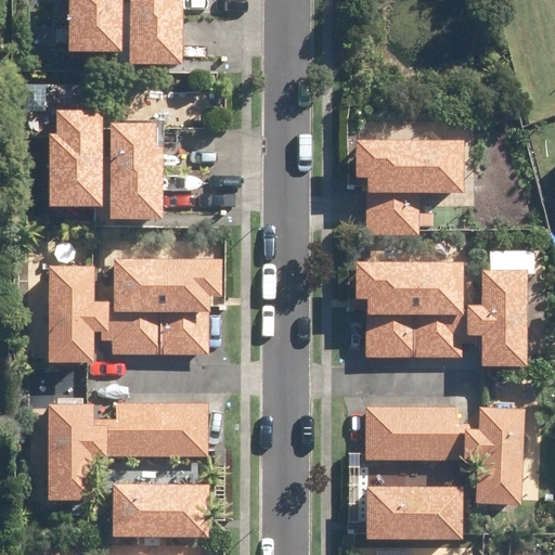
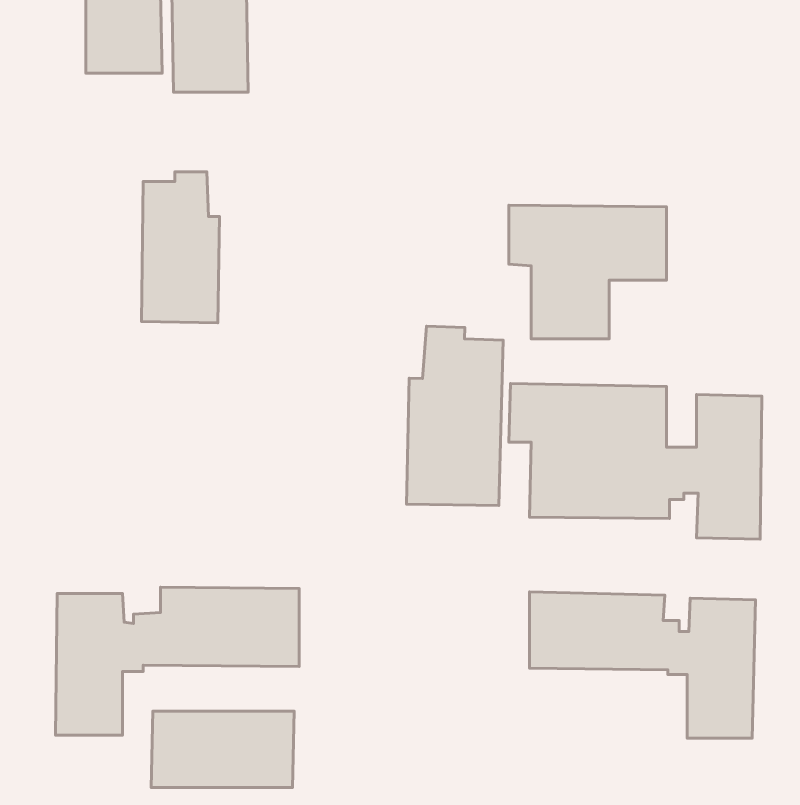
building: [46,108,99,206] -> none
building: none -> [406,326,503,506]
building: [48,259,222,361] -> none
building: [366,486,463,539] -> none

